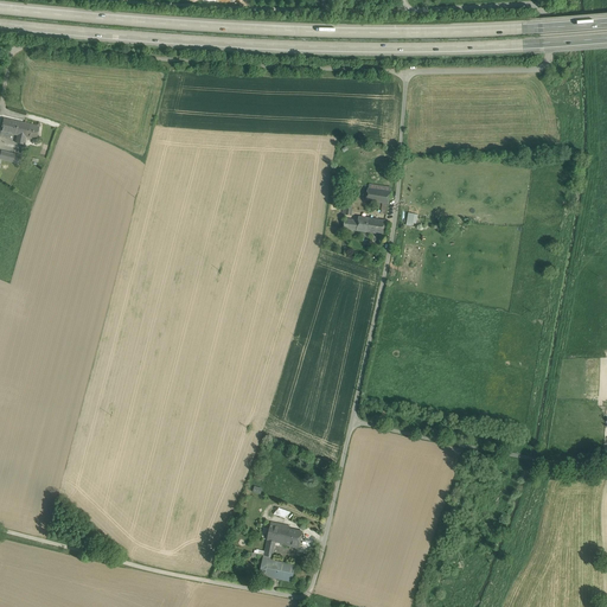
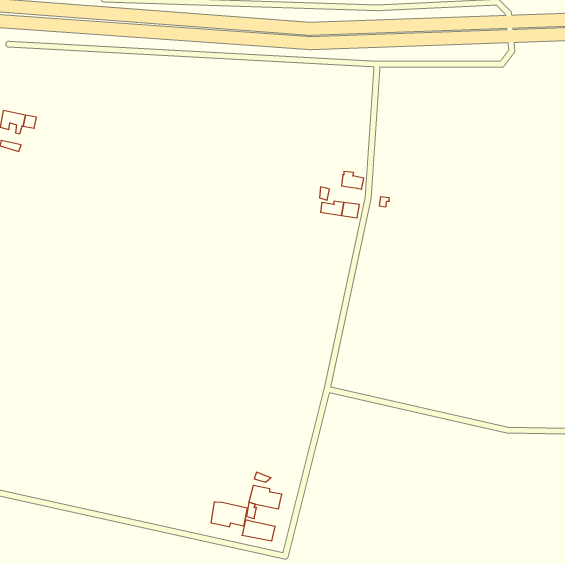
building: none -> [211,502,247,527]

